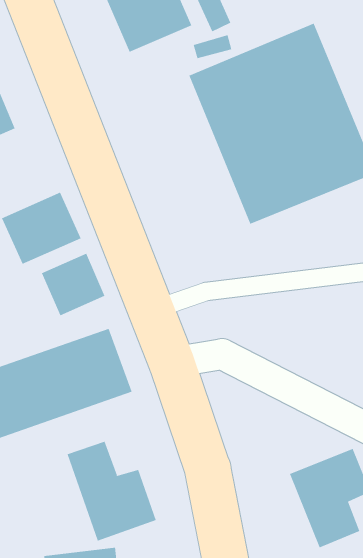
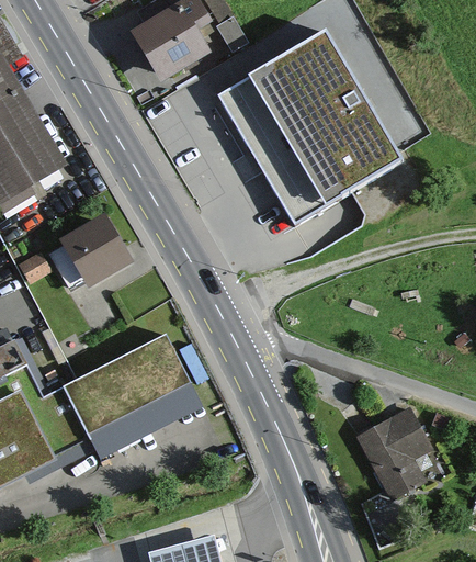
building: [41,253,105,316] -> none
building: [67,441,156,542] -> none

